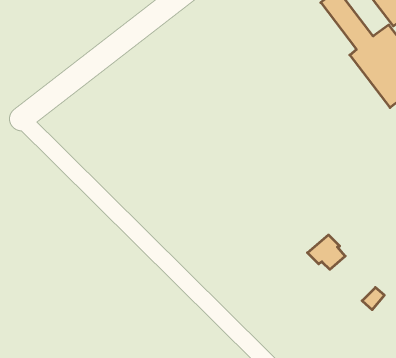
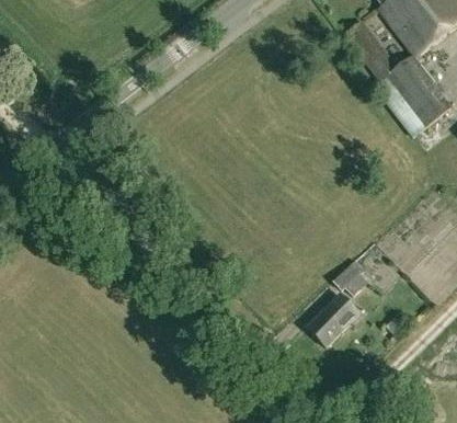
building: none -> [305,293,358,346]

